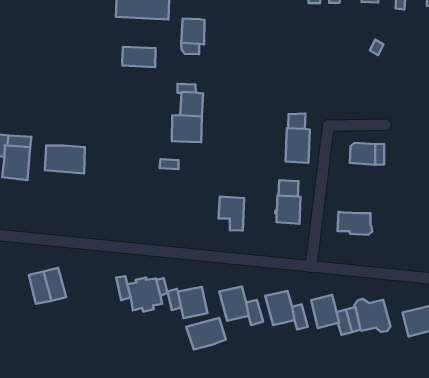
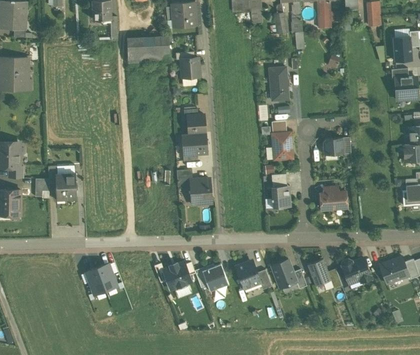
building: none -> [269,66,288,100]
building: [122,47,156,67] -> none
building: [45,145,85,174] -> none
building: [218,197,244,230] -> [190,177,211,203]
building: [186,318,226,350] -> none

